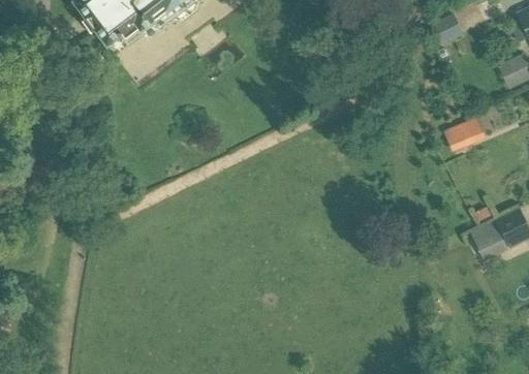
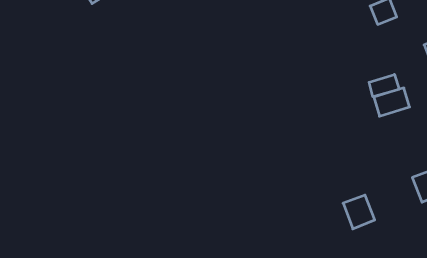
building: none -> [369,74,399,97]
building: [469,220,507,260] -> [343,195,375,229]

